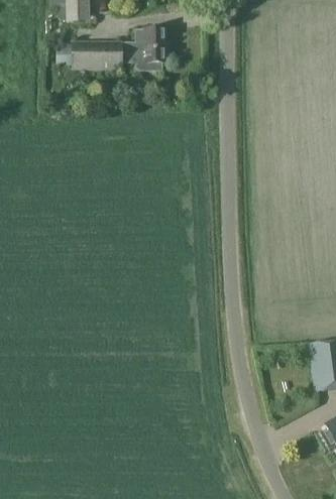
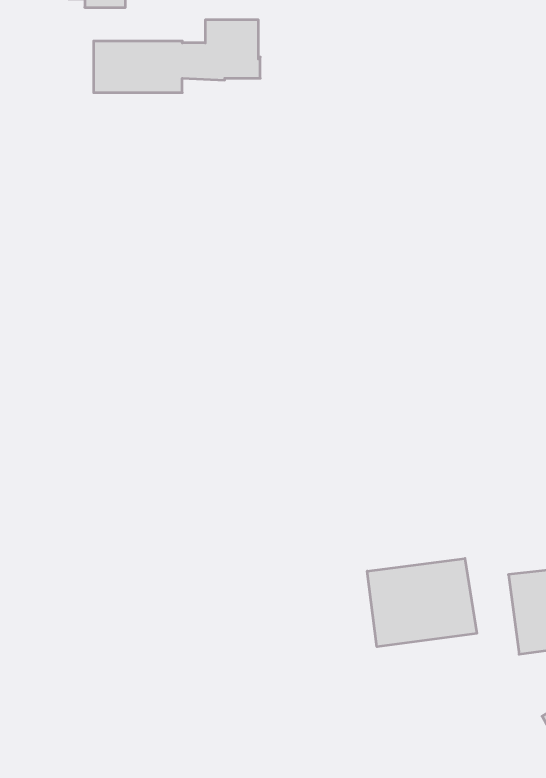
building: none -> [367,558,477,647]

